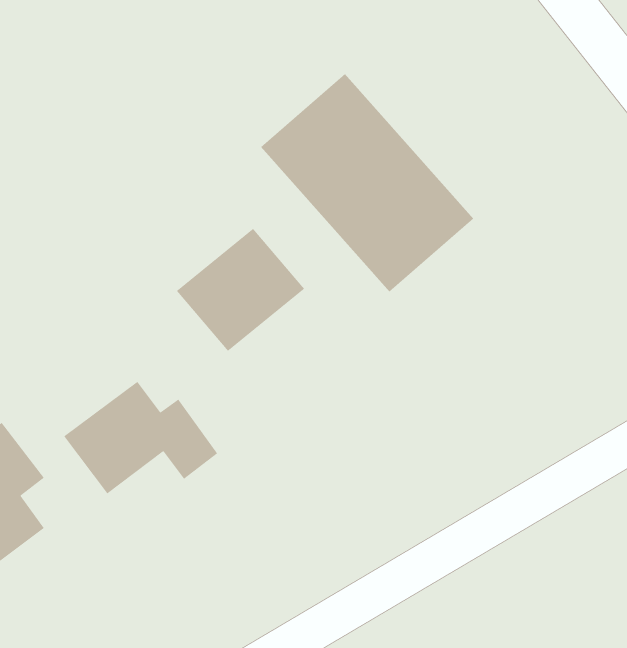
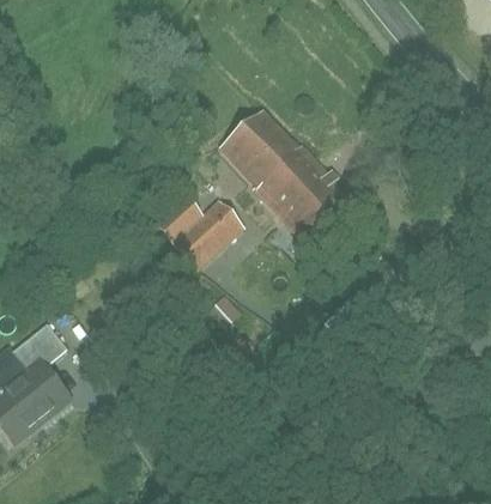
building: [63,381,218,494] -> none

